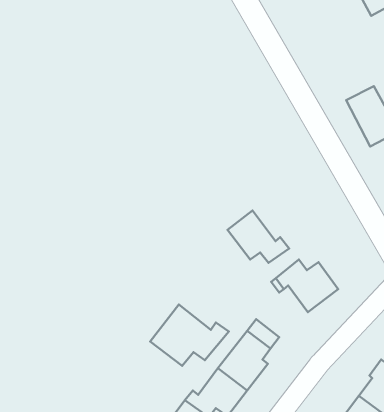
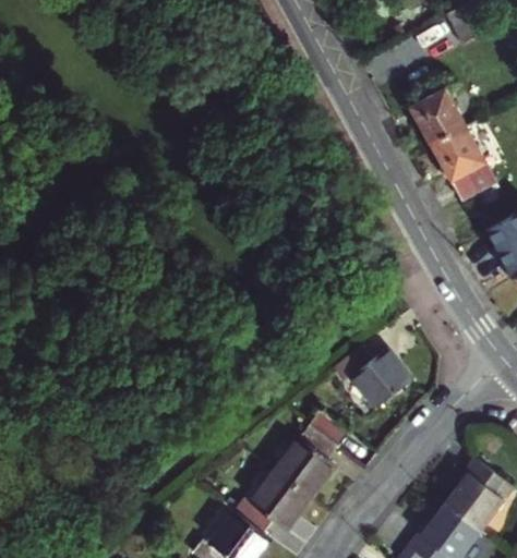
building: none -> [409,88,464,144]
building: [227,210,289,263] -> none
building: [150,304,229,366] -> none

